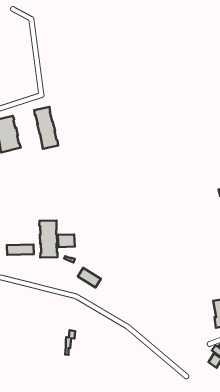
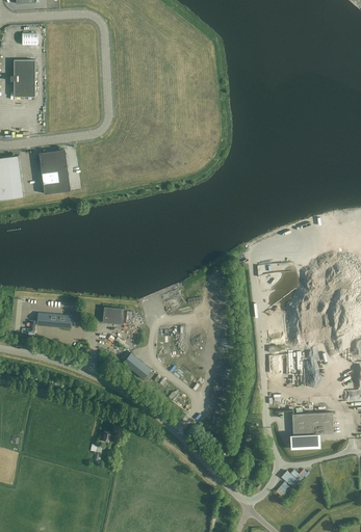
building: [34,107,58,149] -> none
building: [39,220,58,257] -> none

